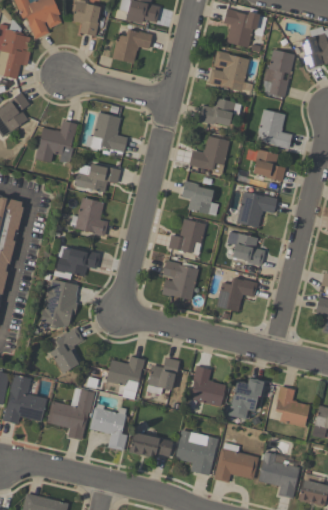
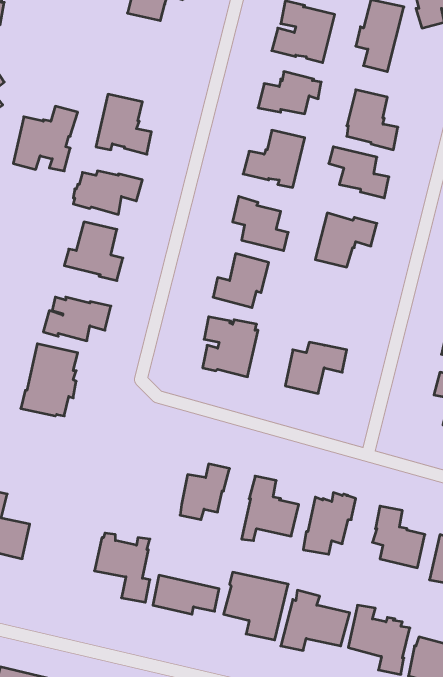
building: [226,231,264,266] -> none
building: [50,327,83,373] -> none
building: [106,356,144,399] -> none
building: [46,389,94,440] -> none

